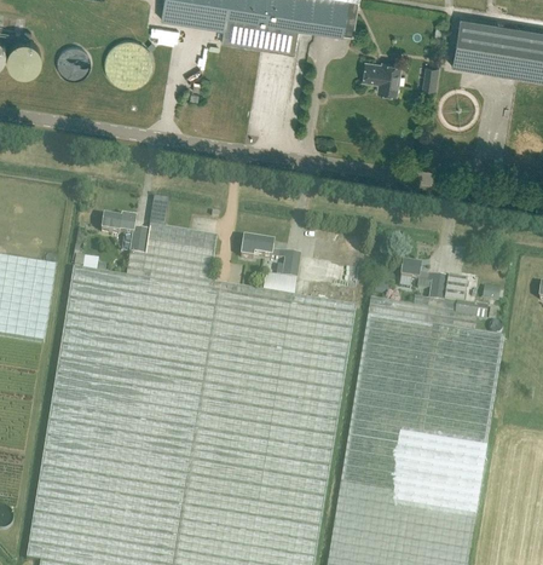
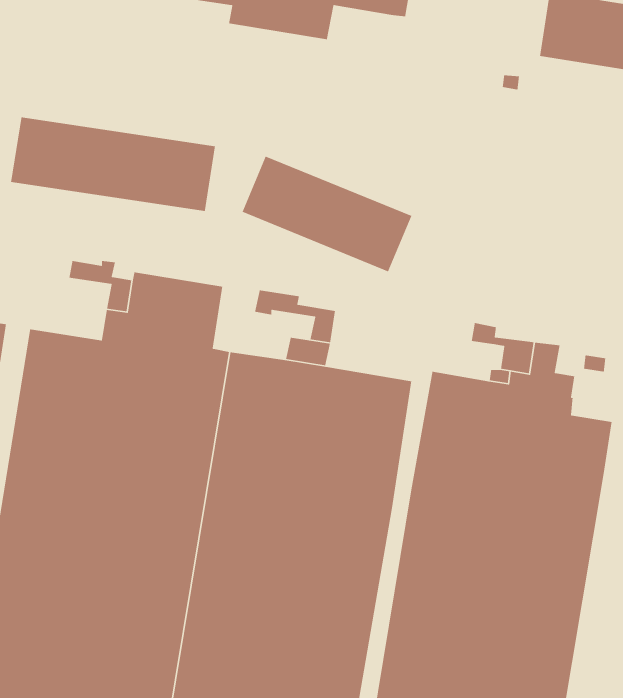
building: [362,63,400,96] -> none
building: none -> [10,116,216,212]
building: none -> [241,155,412,273]

